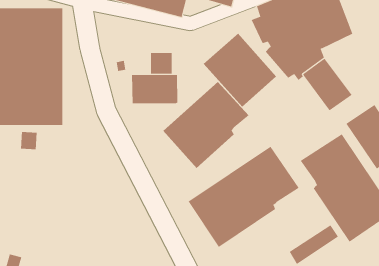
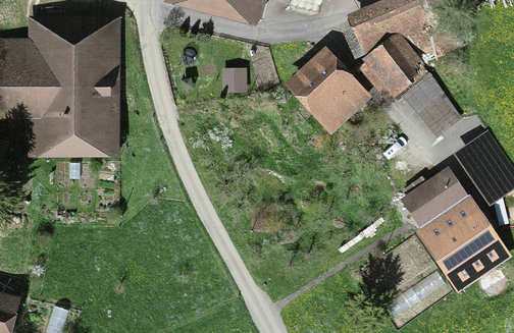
building: [131,74,178,104] -> none
building: [163,81,249,169] -> none
building: [188,146,300,248] -> none

